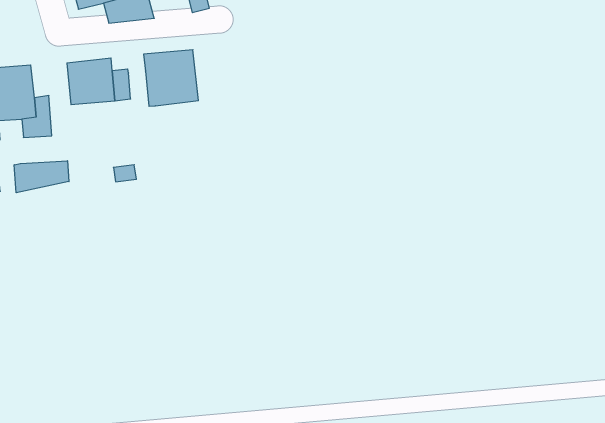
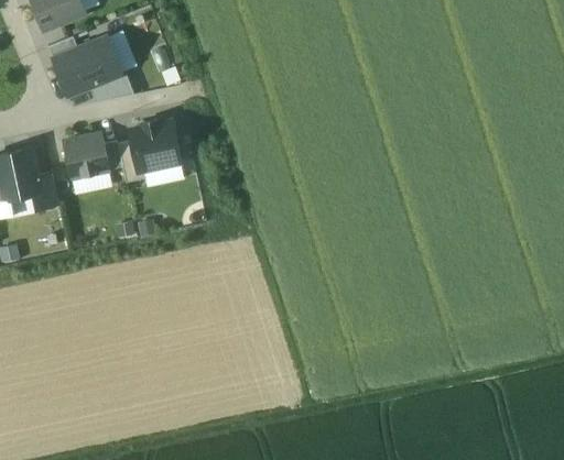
building: none -> [118,141,145,182]
building: [14,161,69,193] -> none

